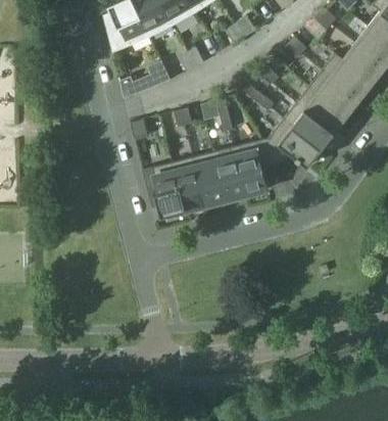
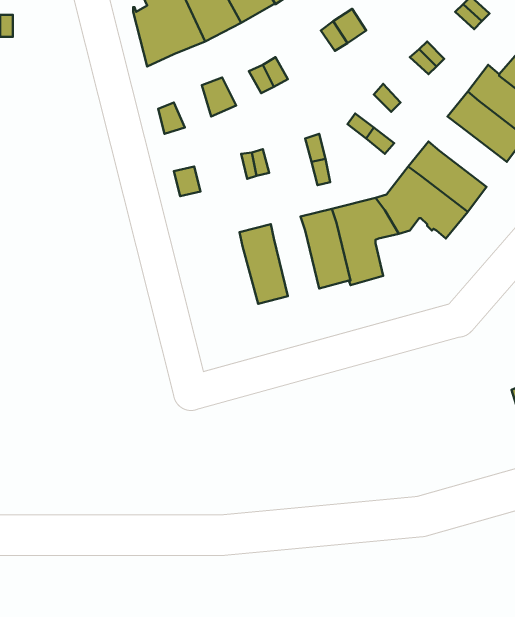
building: [296,87,347,133] -> none
building: [193,152,225,204] -> none
building: [142,162,185,216] -> none

